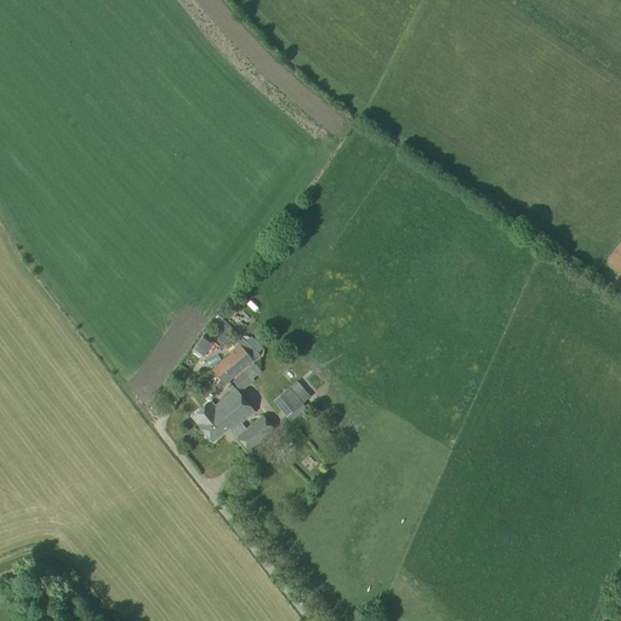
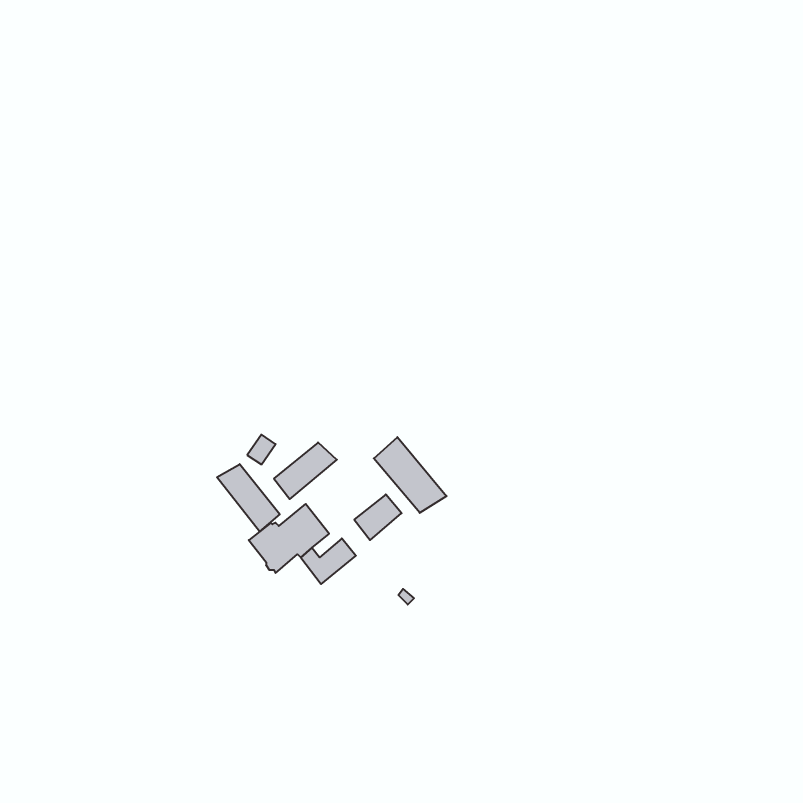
building: none -> [374,437,447,513]
building: none -> [217,464,280,532]

